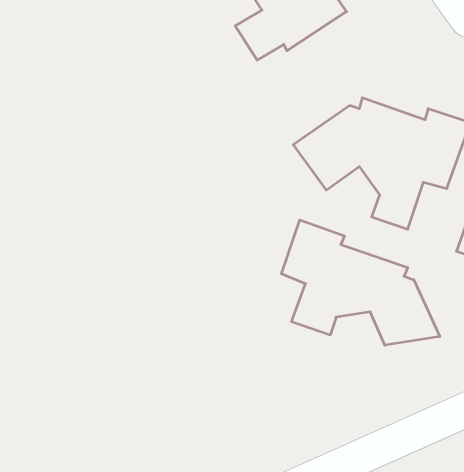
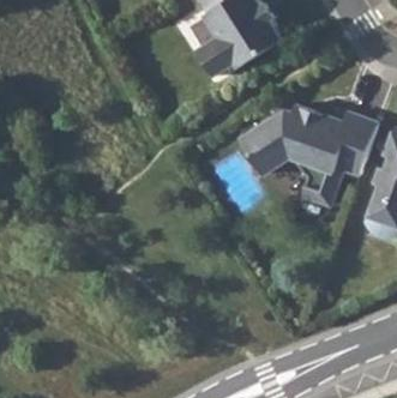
building: [282,220,440,345] -> none

